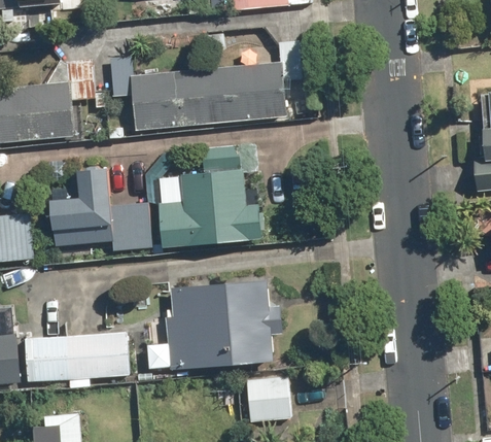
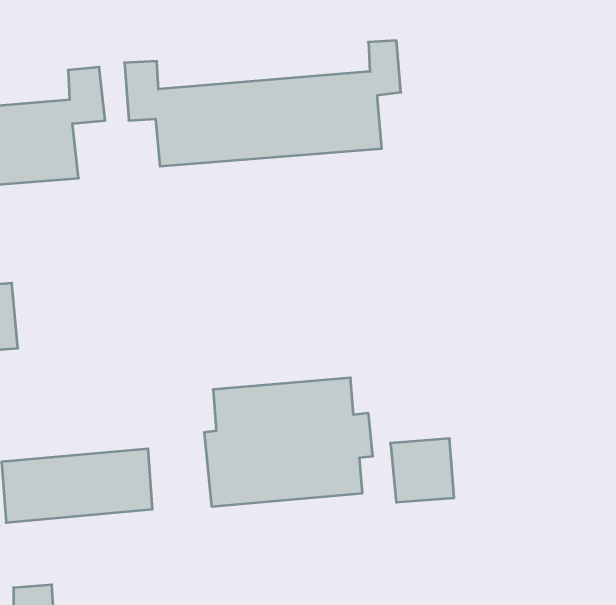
building: [49,167,152,250] -> none
building: [159,168,265,248] -> none
building: [245,376,289,420] -> [390,439,454,502]

